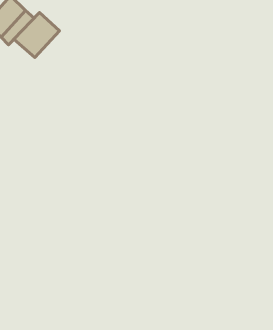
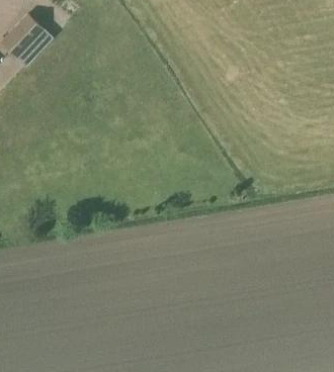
building: [14,13,59,58] -> none

